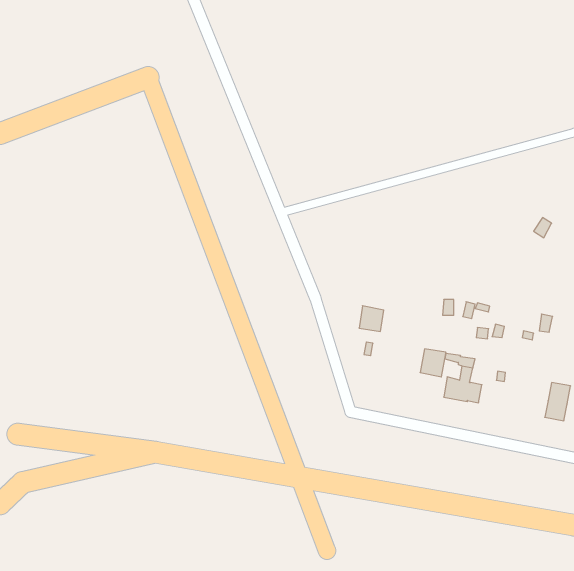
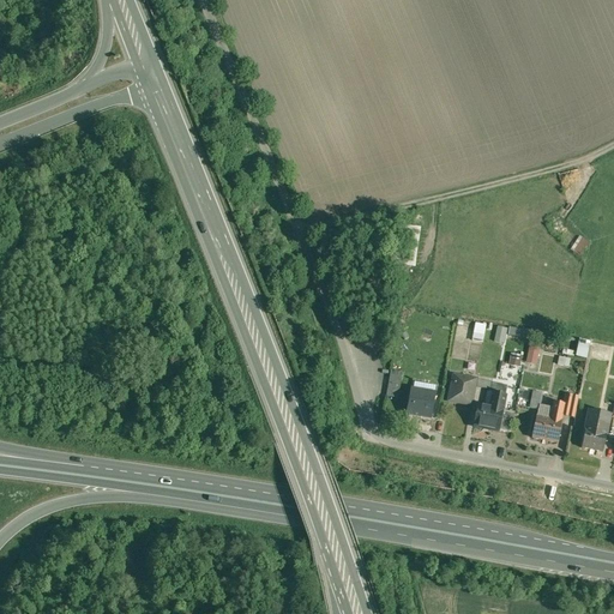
building: [359,306,384,331] -> [408,387,434,415]
building: none -> [531,401,565,441]

